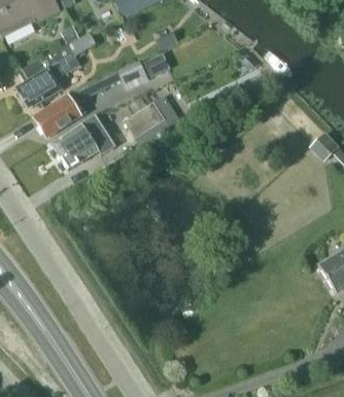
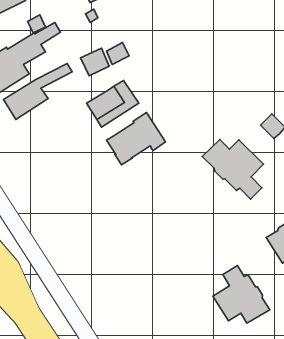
building: [53,113,116,170] -> [106,113,165,165]
building: none -> [202,139,264,199]
building: none -> [213,265,270,323]

